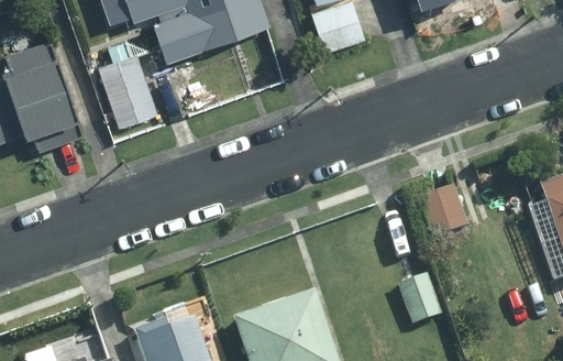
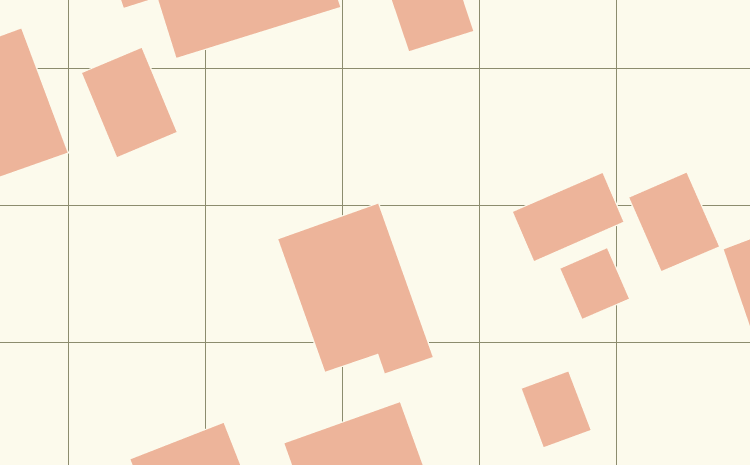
building: none -> [629,172,720,272]
building: none -> [512,172,624,262]
building: none -> [277,203,434,374]

